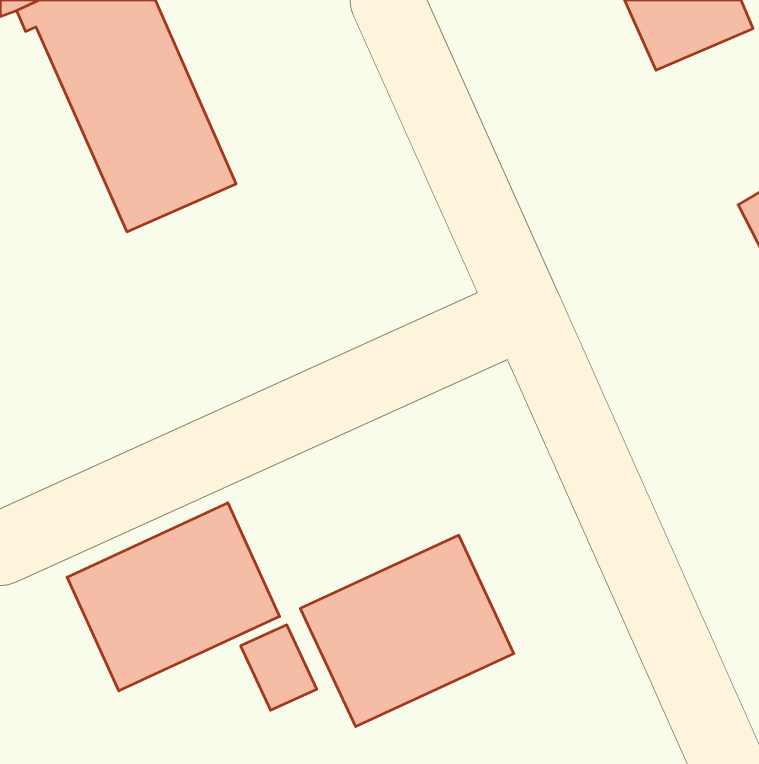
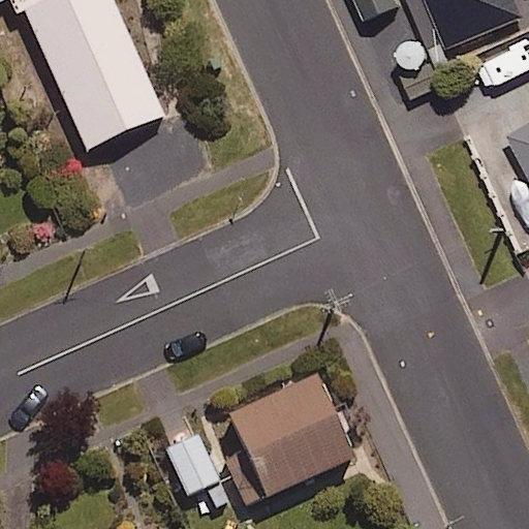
building: [67,503,280,691] -> none

